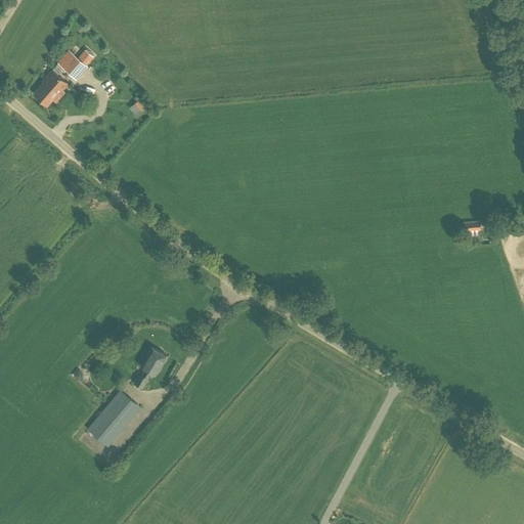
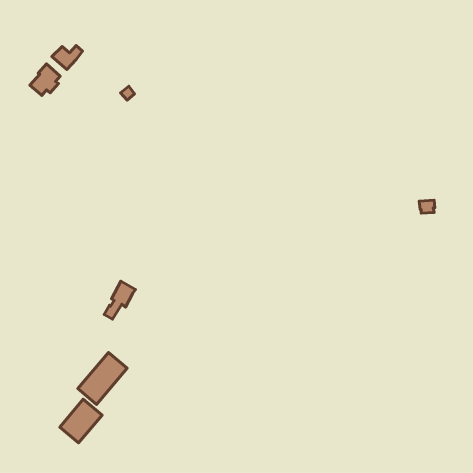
building: [132,347,167,389] -> [104,281,136,319]
building: none -> [60,399,102,443]

